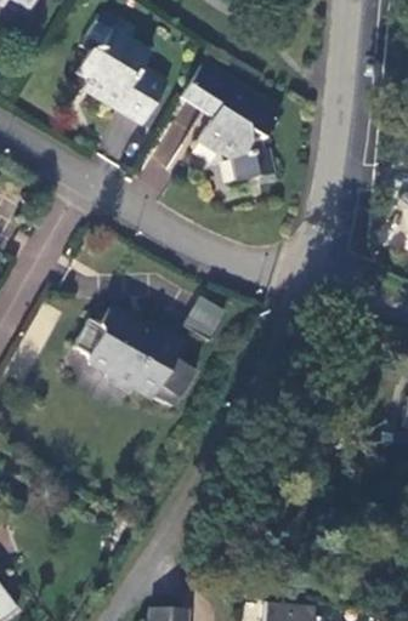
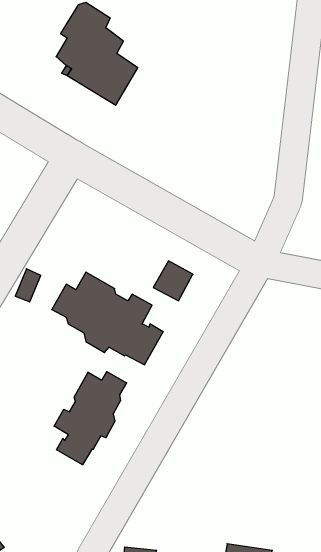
building: [181,63,282,183] -> none
building: none -> [54,372,127,465]

